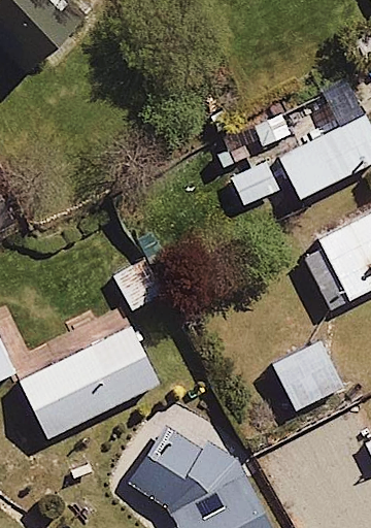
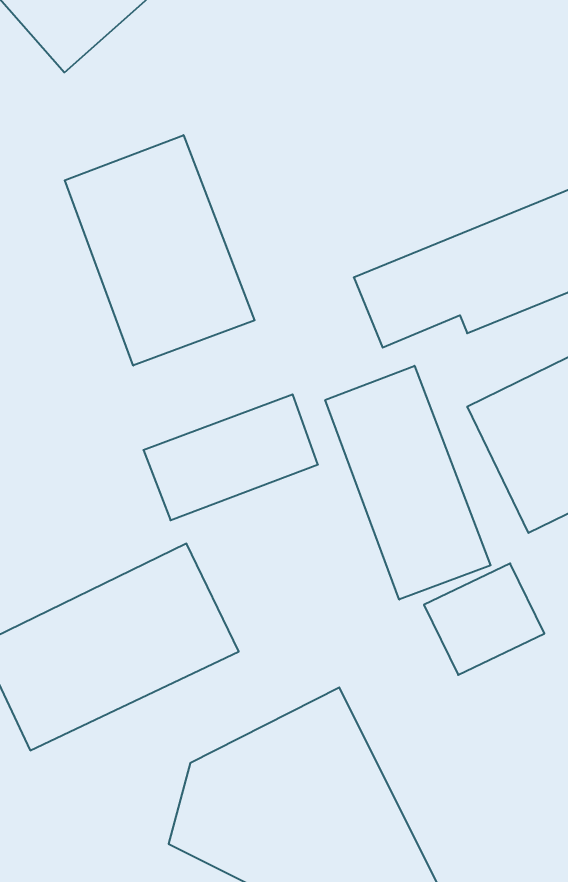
building: none -> [65,135,255,366]
building: none -> [325,366,491,600]

